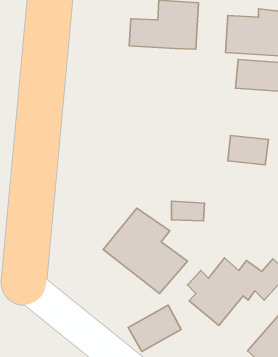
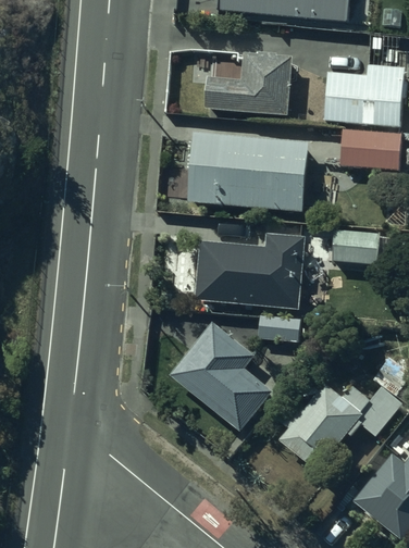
building: none -> [184,130,309,212]
building: none -> [191,234,303,309]
building: [128,305,181,351] -> none

